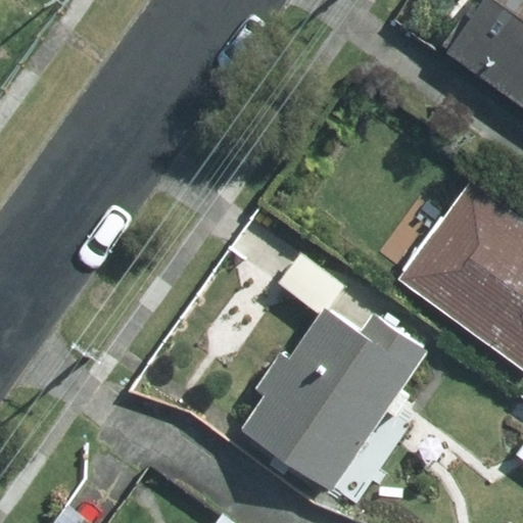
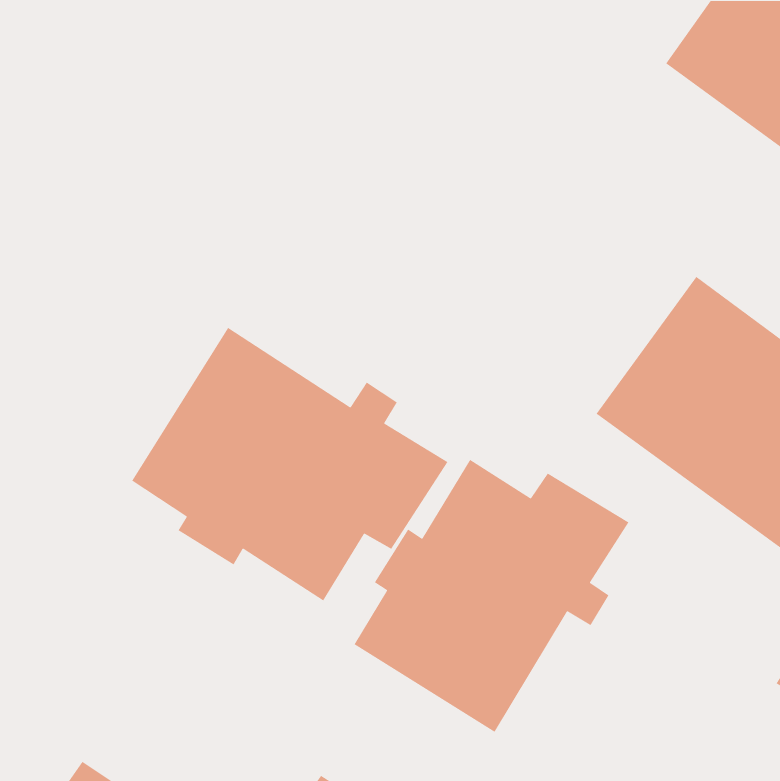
building: none -> [131,327,449,602]

